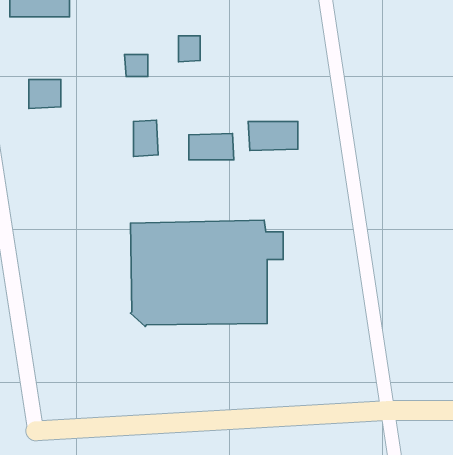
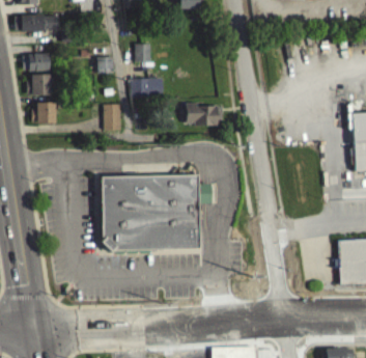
building: none -> [24,54,50,71]
building: none -> [33,102,58,123]
building: [189,134,234,160] -> [132,78,164,97]

